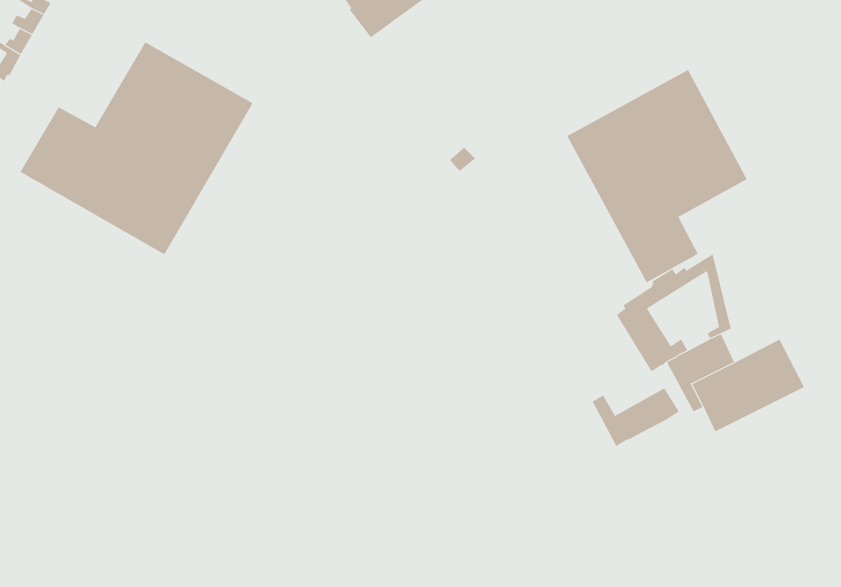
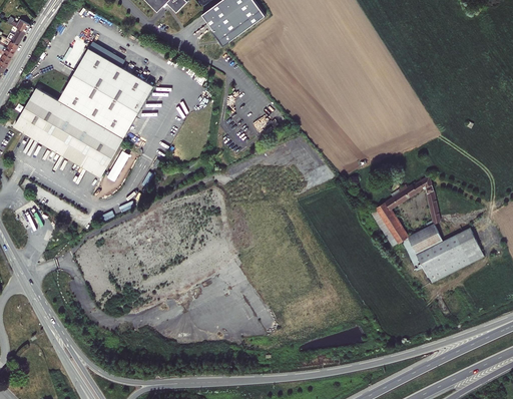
building: [567,69,747,283] -> none
building: [592,388,680,447] -> none

